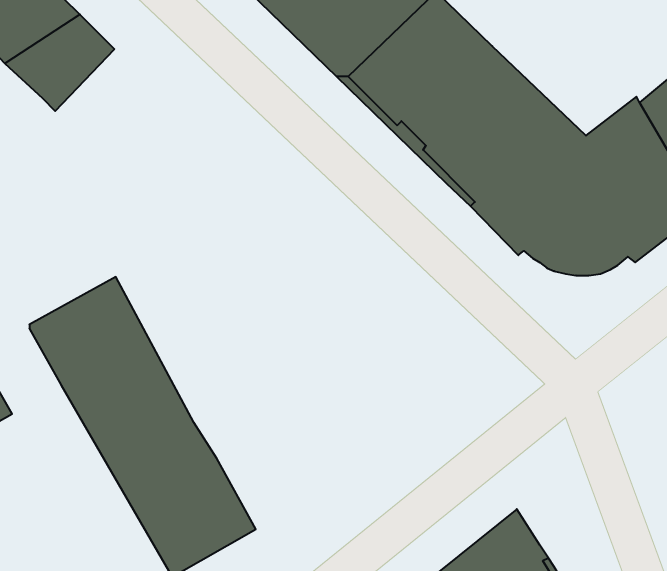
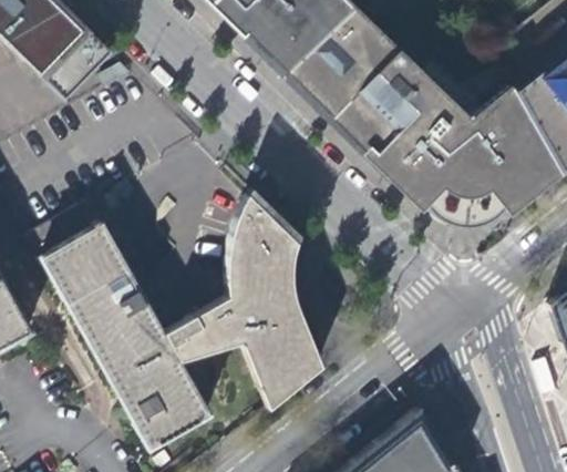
building: none -> [166,188,327,412]

